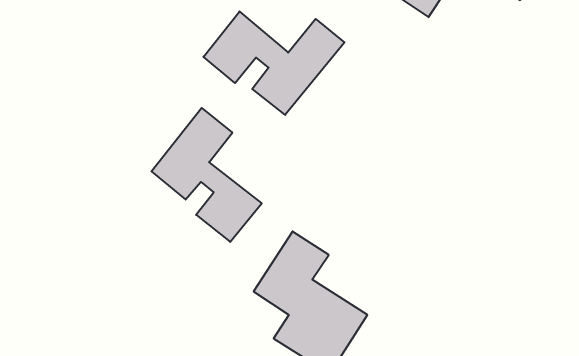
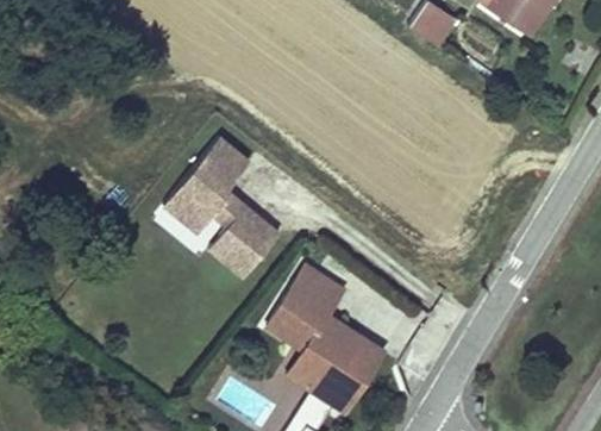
building: [203,11,344,115] -> none

